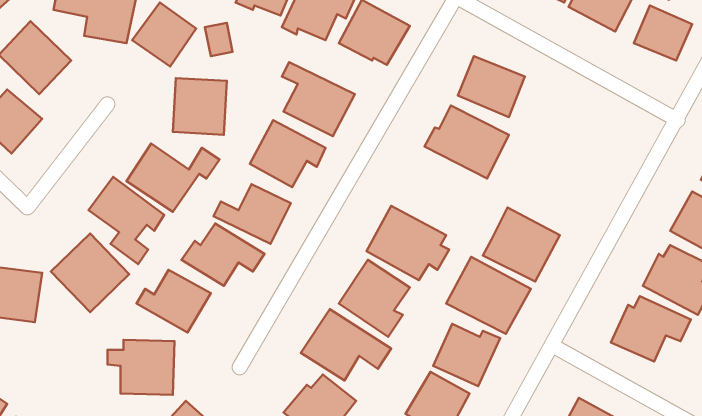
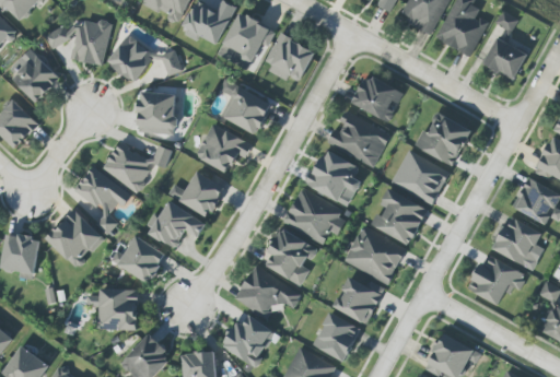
building: none -> [415,113,471,166]
building: none -> [307,149,361,207]
building: none -> [392,150,451,203]

